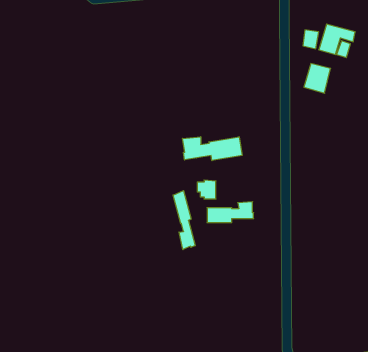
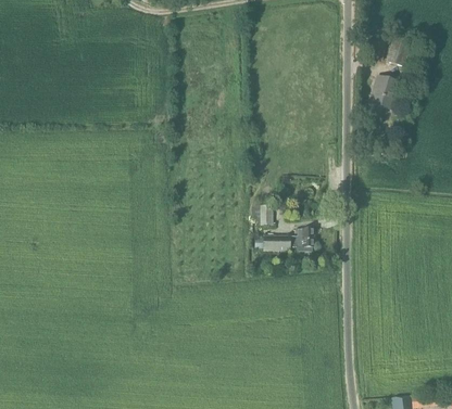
building: [183,137,242,161] -> none
building: [173,191,195,250] -> none

